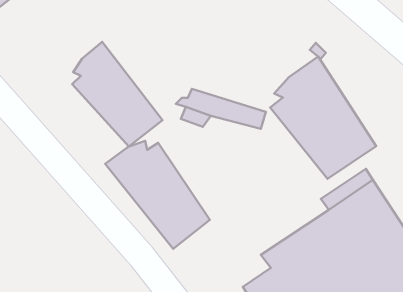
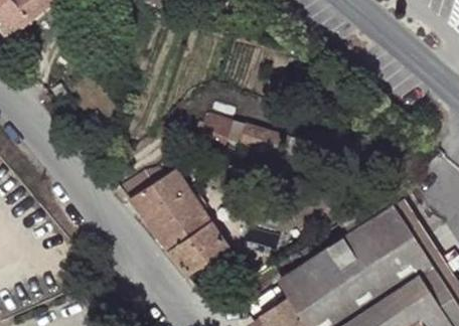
building: [72,42,162,147] -> none
building: [270,57,376,179] -> none

